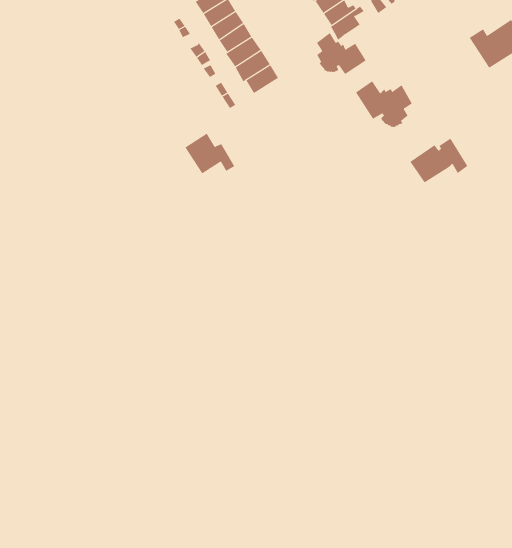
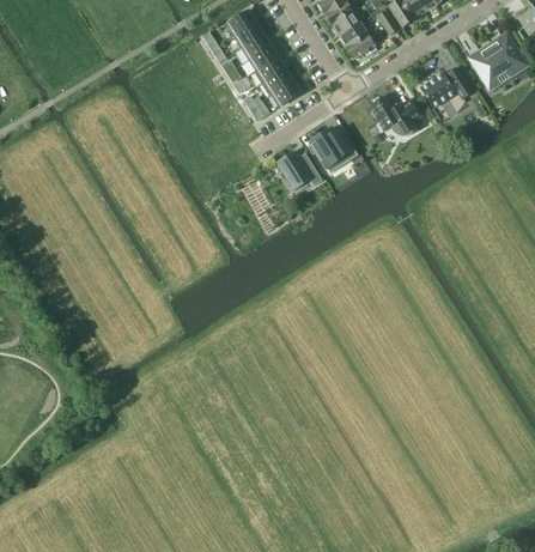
building: [316,32,367,75] -> none
building: none -> [306,129,357,174]
building: [185,133,235,174] -> [275,151,321,188]
building: [409,138,468,183] -> [419,67,472,108]

